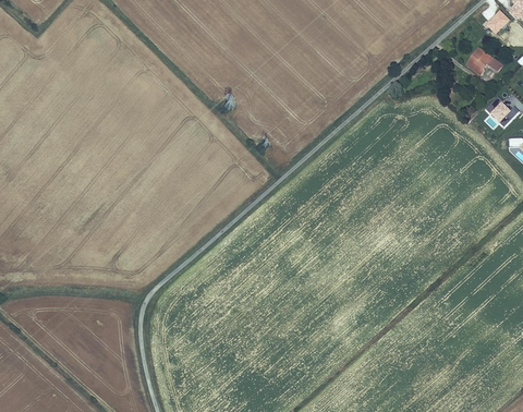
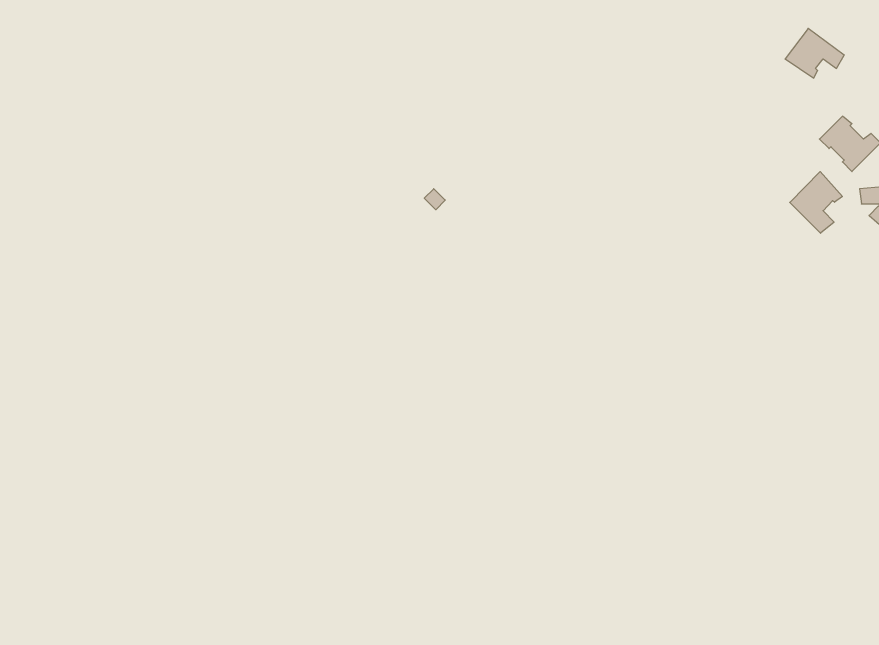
building: none -> [790,172,842,233]

